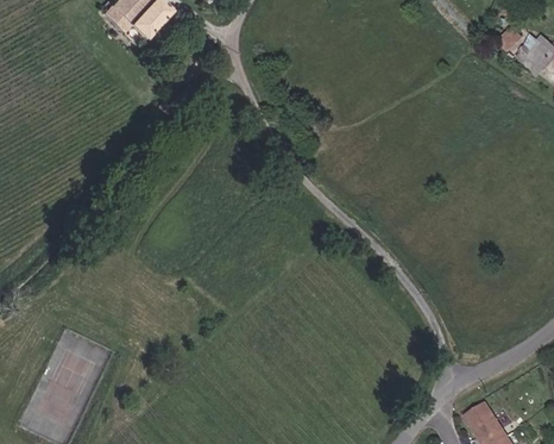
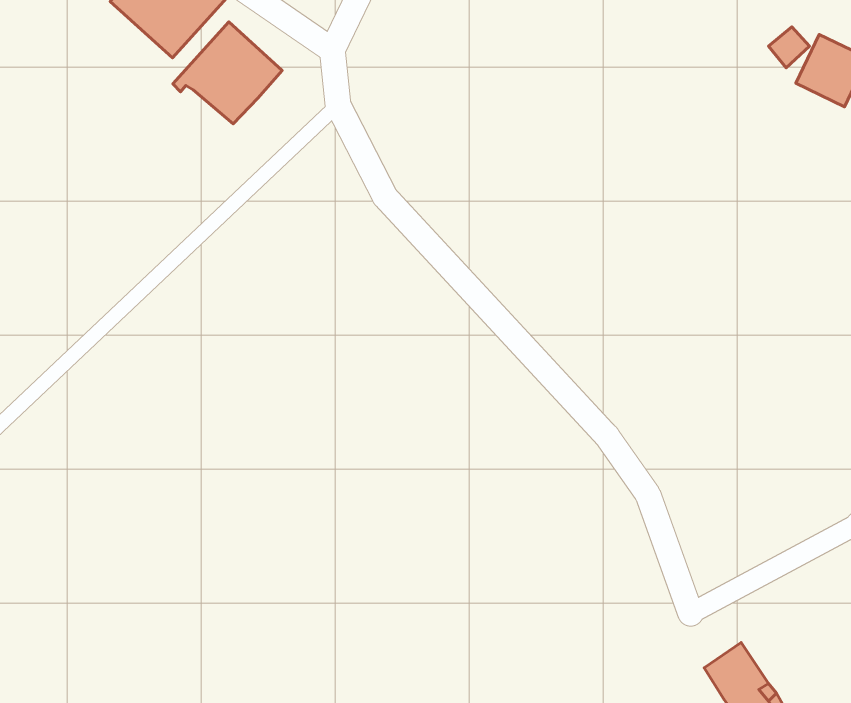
building: none -> [173,22,282,124]

